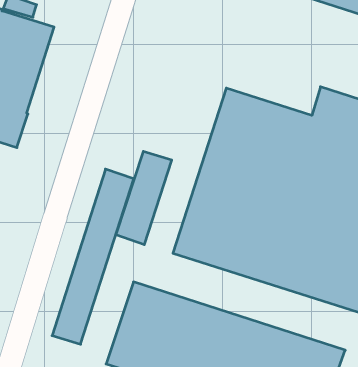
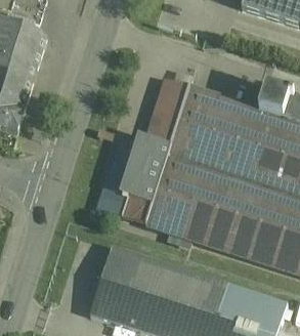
building: [52,169,134,344] -> [121,78,188,222]

